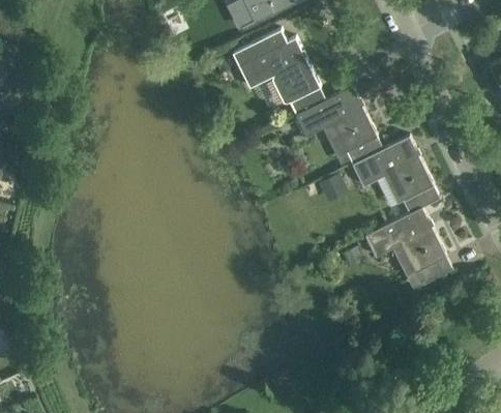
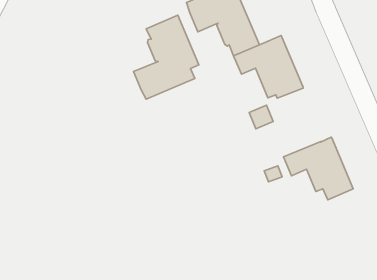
building: none -> [133,15,199,99]
building: [352,136,440,214] -> none

